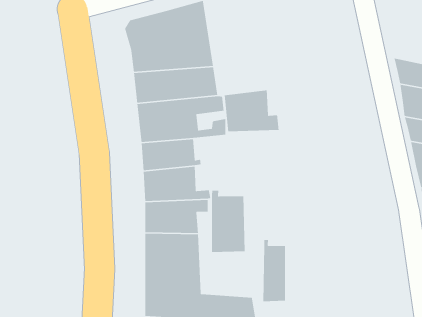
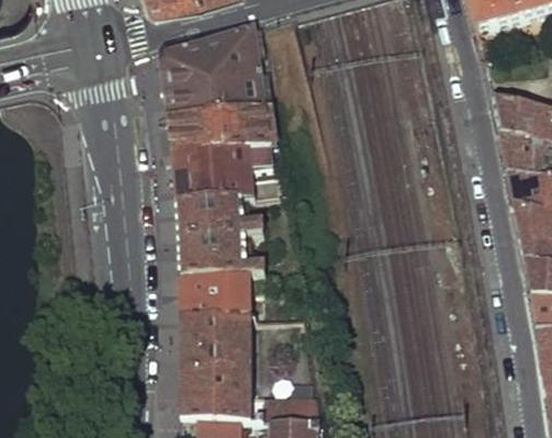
building: [224,89,279,132] -> none
building: [211,190,245,253] -> none
building: [263,239,286,302] -> none

